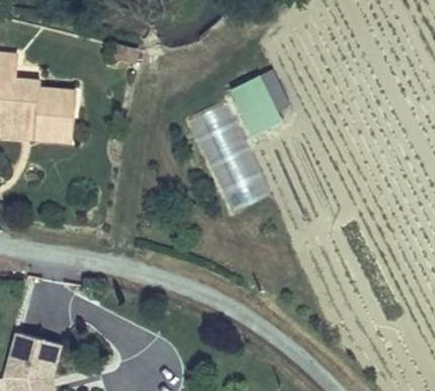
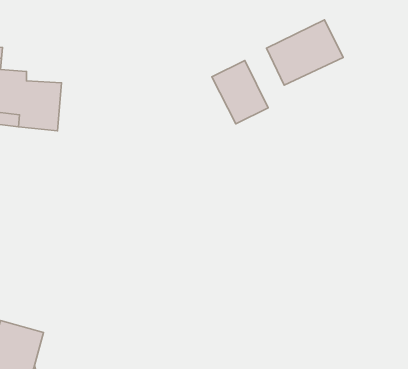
building: none -> [266,20,343,85]
building: [192,102,269,212] -> none

